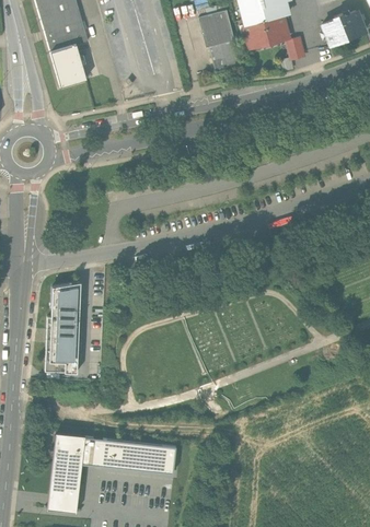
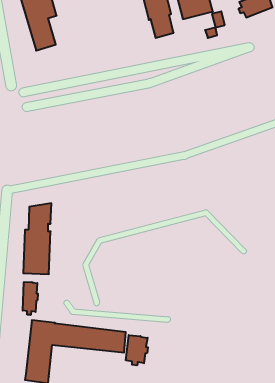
building: none -> [23,282,38,315]
building: none -> [126,335,148,365]

